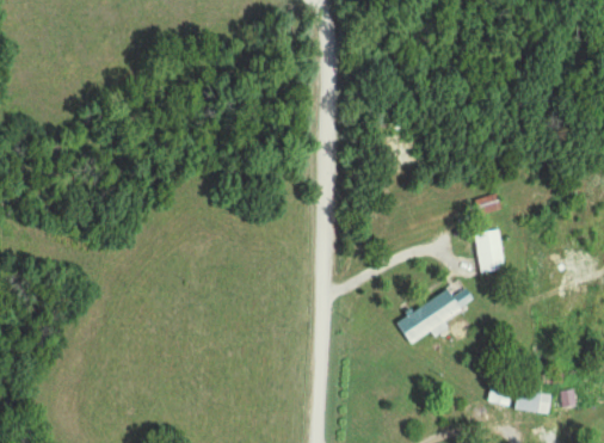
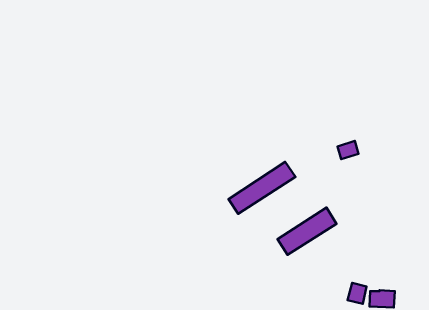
building: none -> [229,162,296,214]
building: [474,229,506,273] -> none

